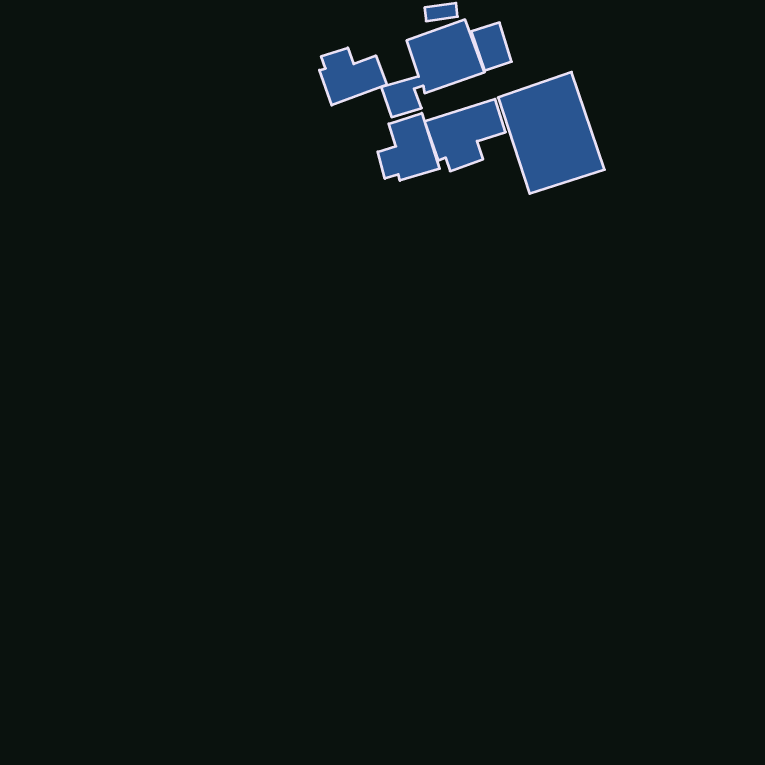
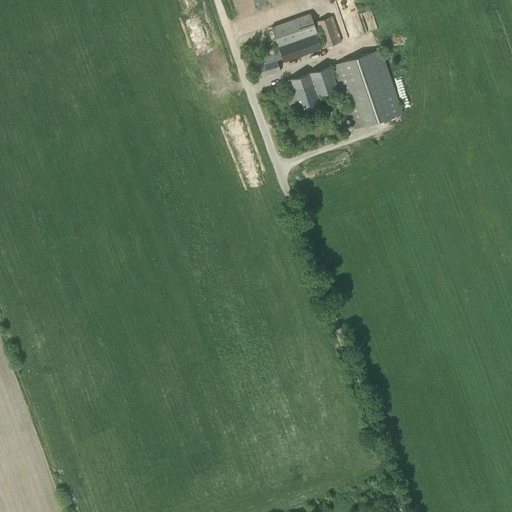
building: [319,48,387,105] -> none
building: [378,113,440,181] -> none

